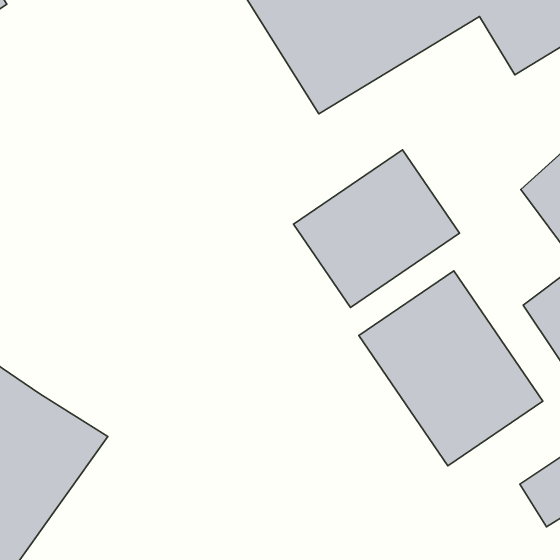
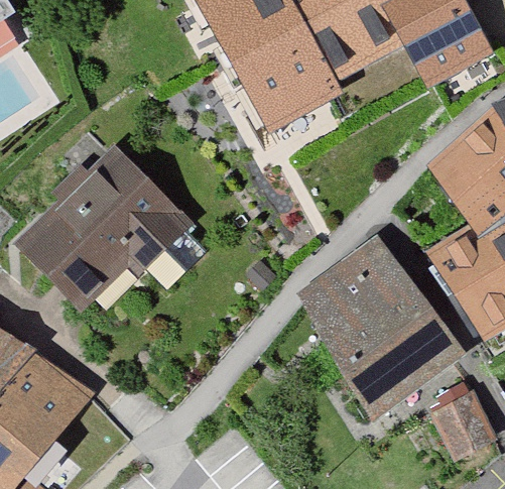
building: [293,150,459,307] -> none
building: none -> [19,156,172,307]

